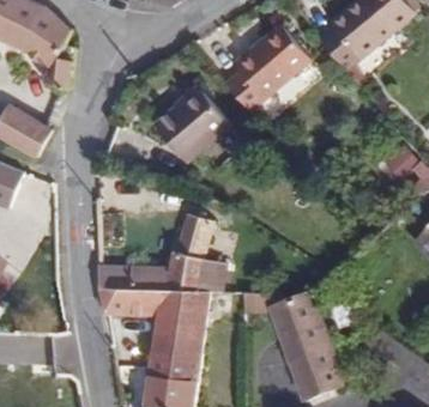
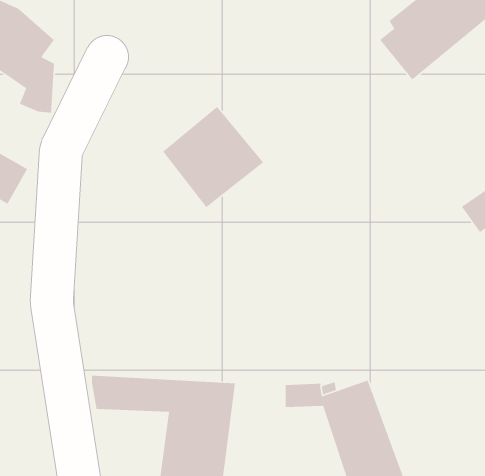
building: [223,17,308,103] -> none
building: [97,212,226,292] -> none

